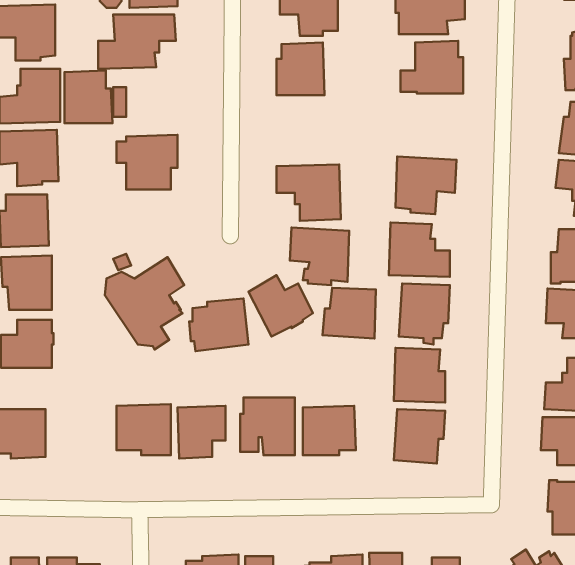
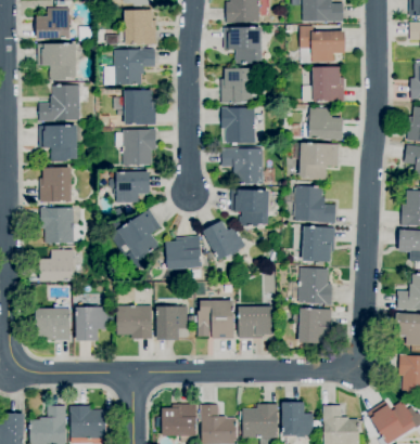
building: [65,70,113,123] -> [125,89,156,123]
building: none -> [221,107,255,143]
building: none -> [301,107,343,140]
building: none -> [110,171,150,203]
building: [322,288,376,338] -> none
building: none -> [76,306,106,340]

